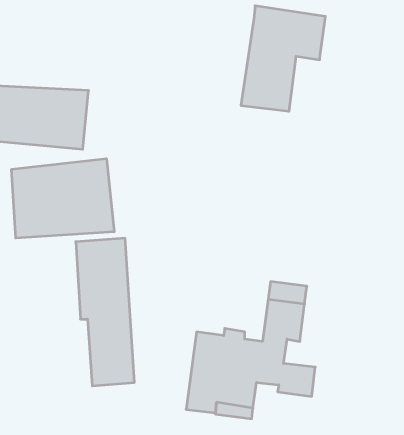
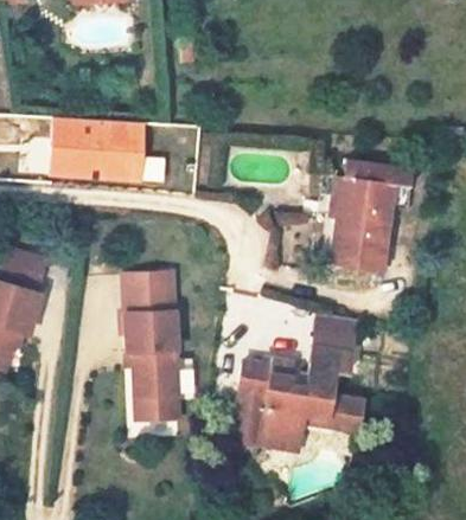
building: [241,6,325,111] -> [325,161,410,268]
building: [12,159,114,238] -> none

